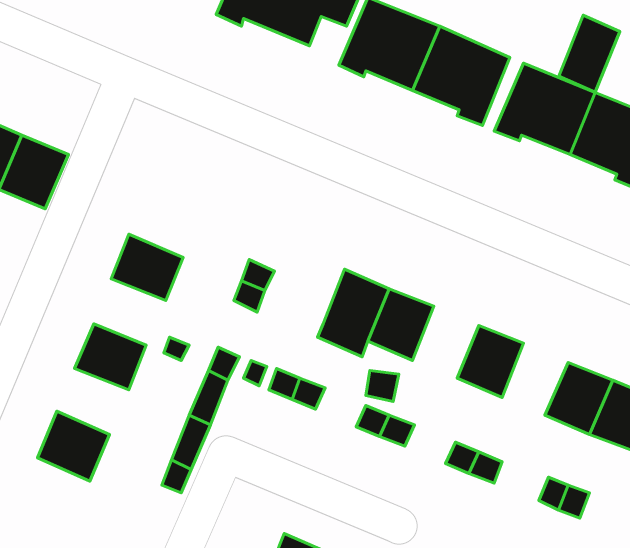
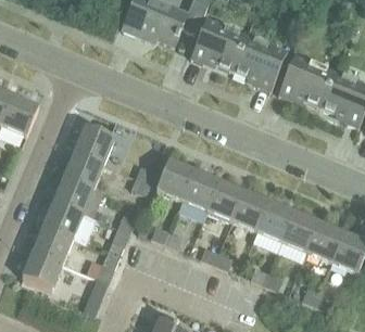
building: [559,15,620,92] -> none
building: none -> [73,124,114,163]
building: none -> [155,158,193,200]
building: none -> [53,175,93,212]
building: none -> [231,190,268,230]
building: none -> [281,210,318,251]
building: none -> [33,225,73,261]

